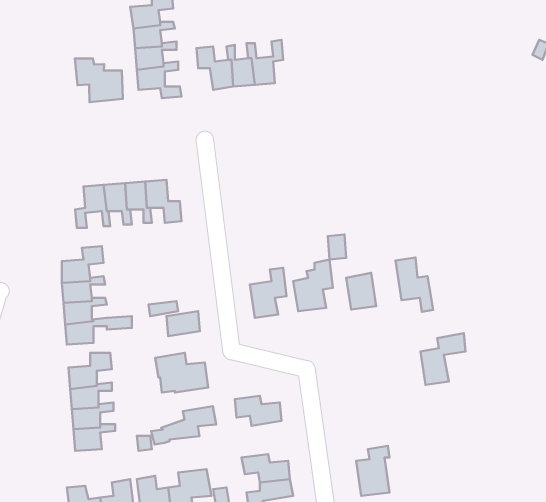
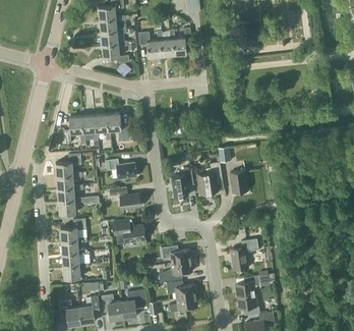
building: [75,58,123,102] -> none
building: none -> [105,159,136,179]
building: [396,258,433,312] -> none
building: [420,333,465,385] -> [231,238,258,270]
building: [151,406,216,445] -> [153,261,192,284]

